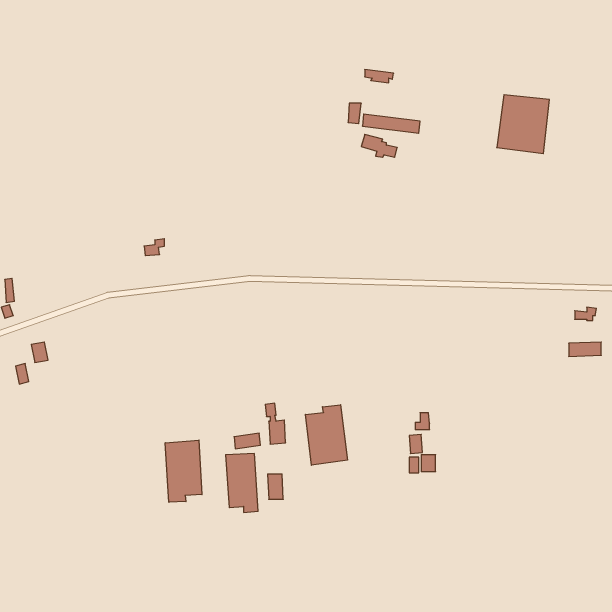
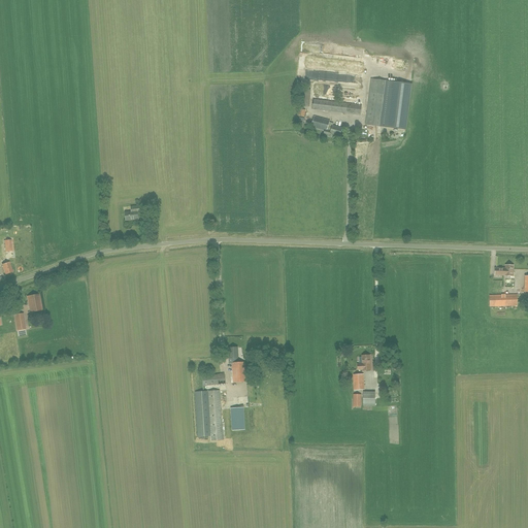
building: [497,95,549,154] -> [364,78,409,129]
building: [305,405,347,465] -> none
building: [165,440,202,502] -> none

